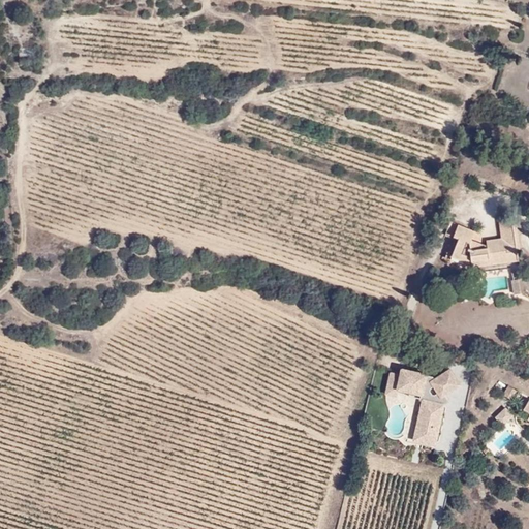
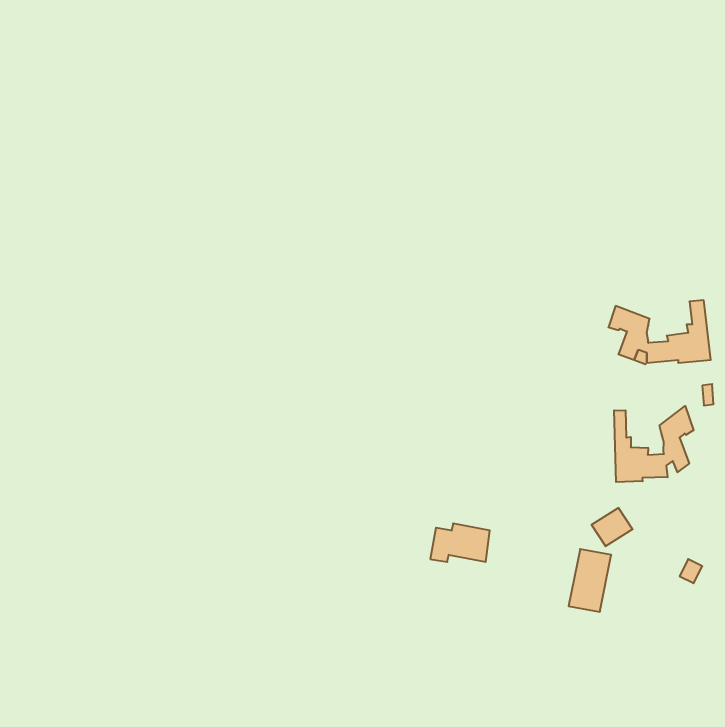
building: none -> [614,406,694,482]
building: [384,368,428,396] -> [430,523,490,562]

